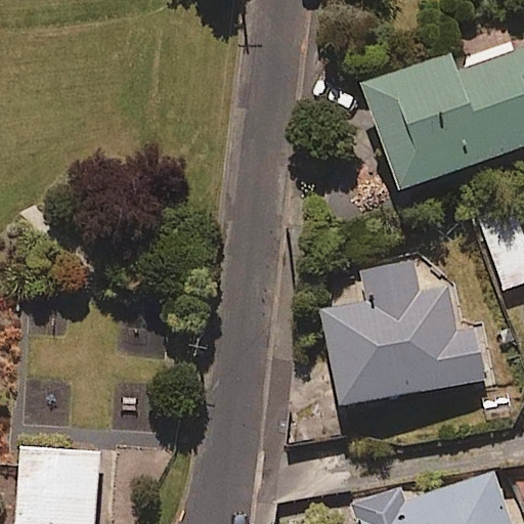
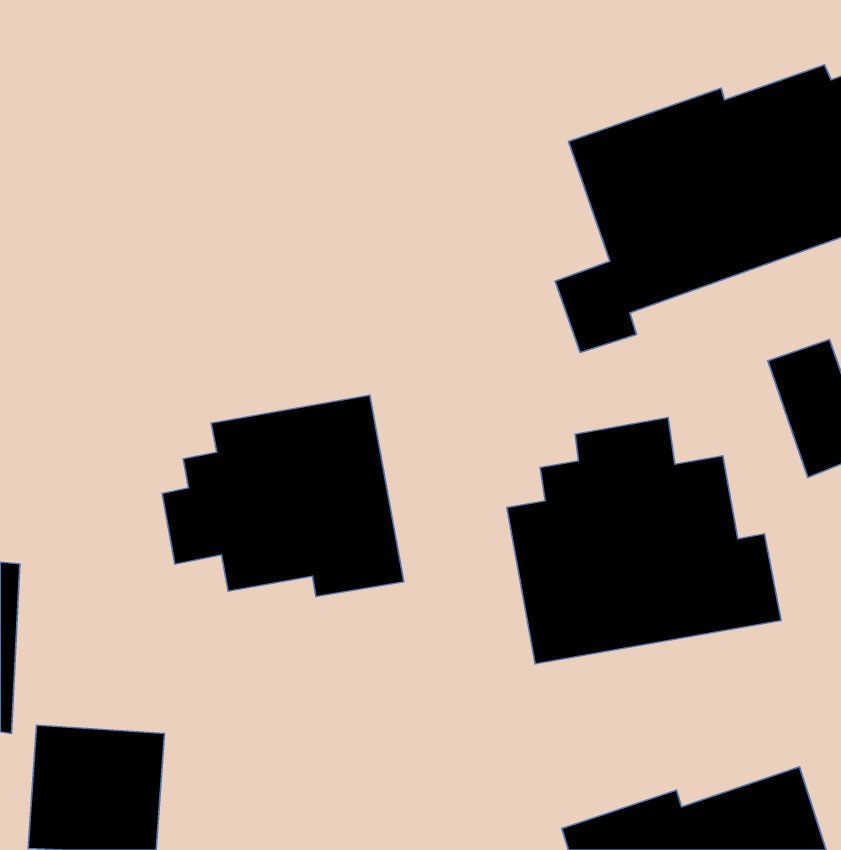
building: none -> [162,395,404,597]

